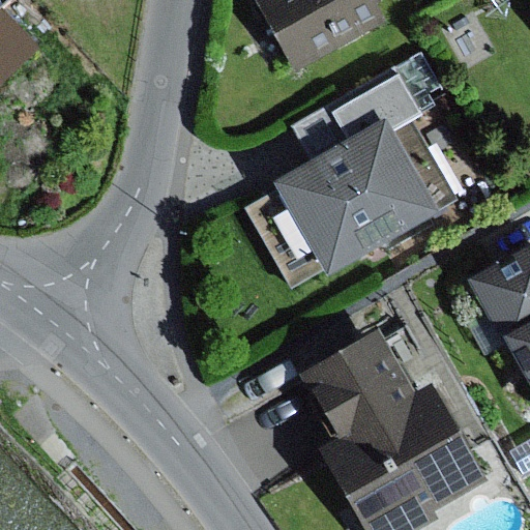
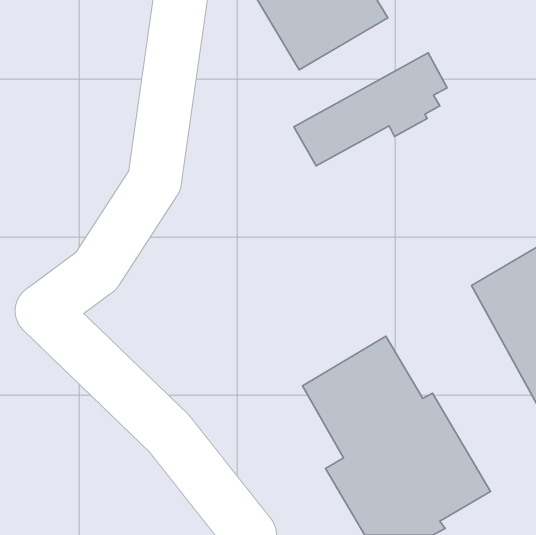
building: [273,121,455,279] -> none

